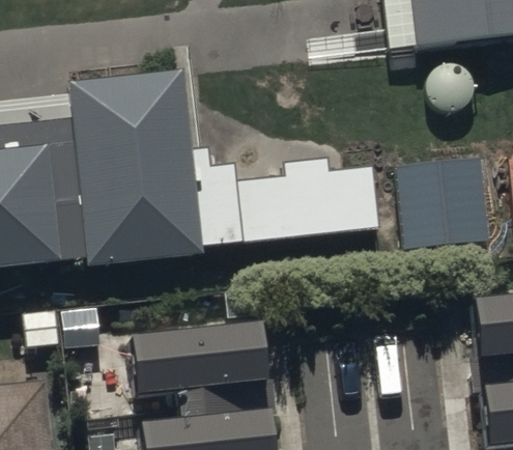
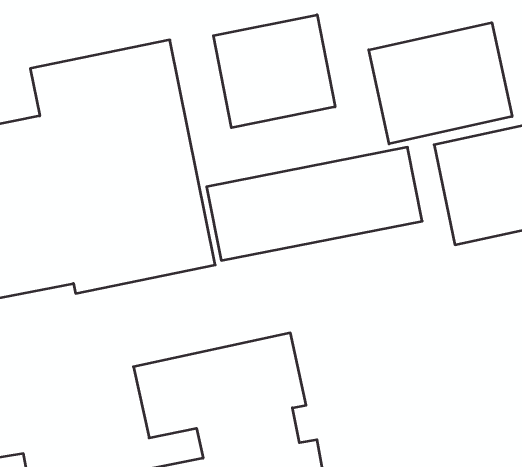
building: none -> [213,15,335,128]
building: none -> [369,23,512,144]

